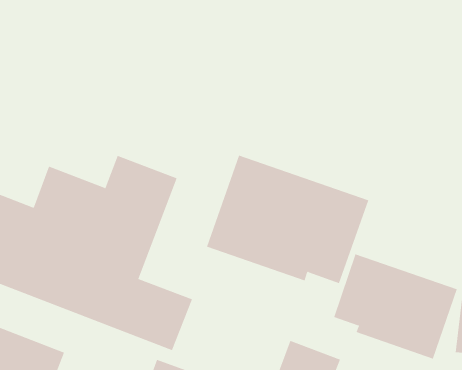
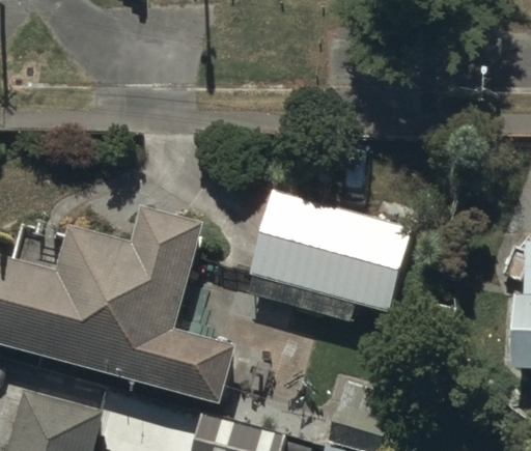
building: [333,253,457,360] -> none

